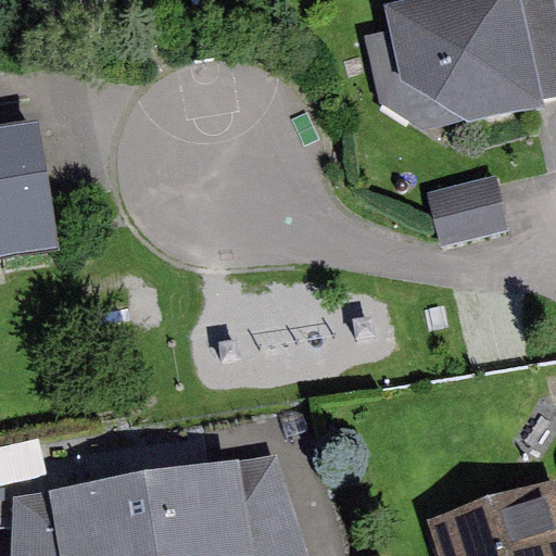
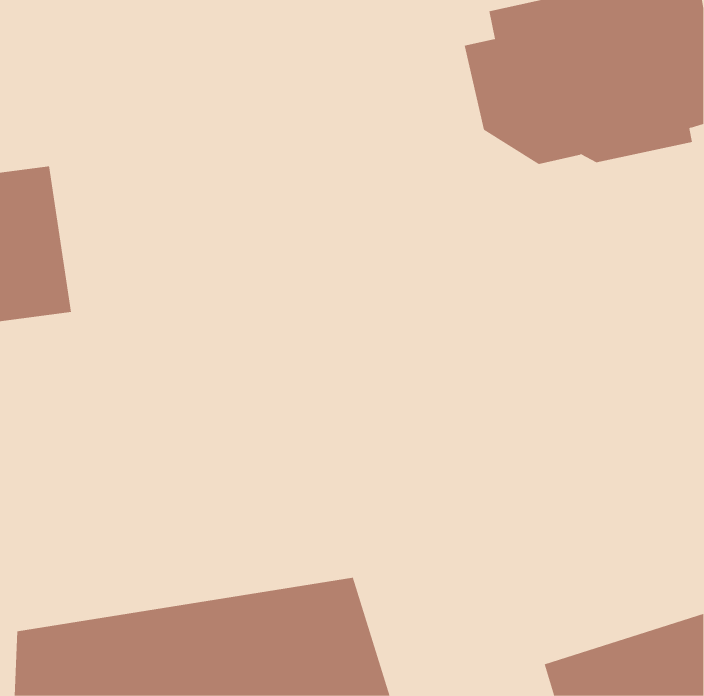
building: [427,175,509,248] -> none

